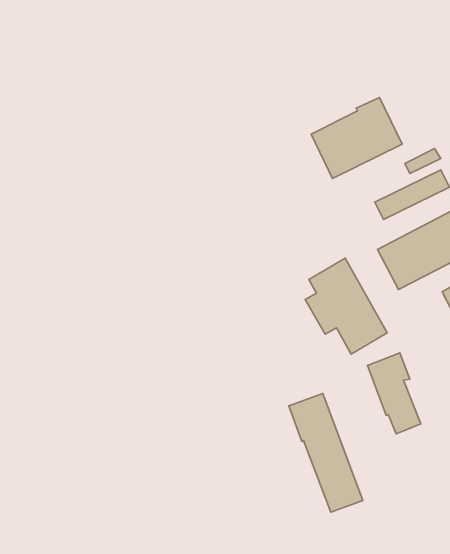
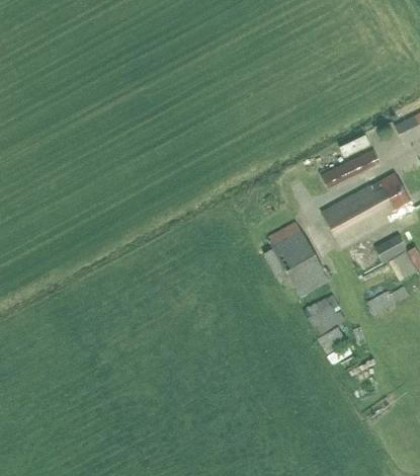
building: [311,97,402,178] -> none
building: [289,393,363,512] -> none

